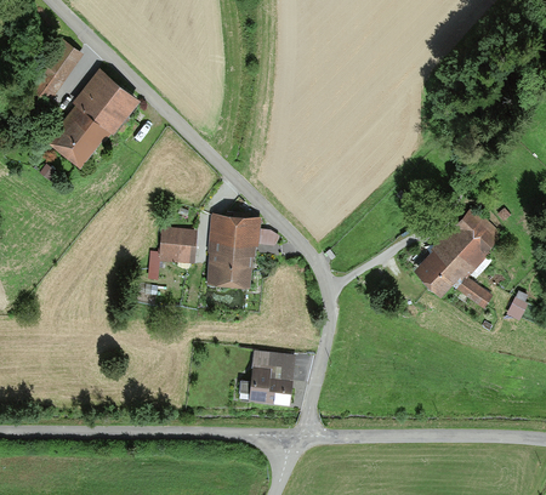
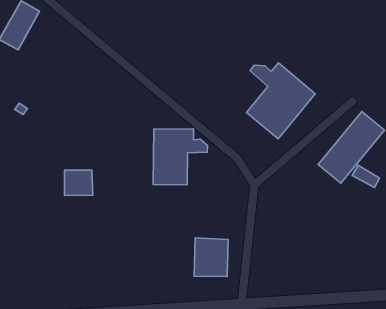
building: [49,72,138,170] -> none
building: none -> [246,63,315,139]
building: [159,228,195,262] -> [65,170,93,195]

